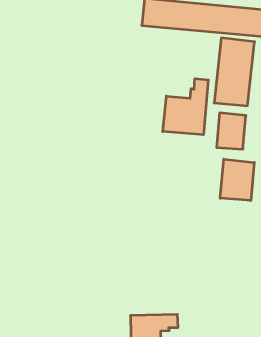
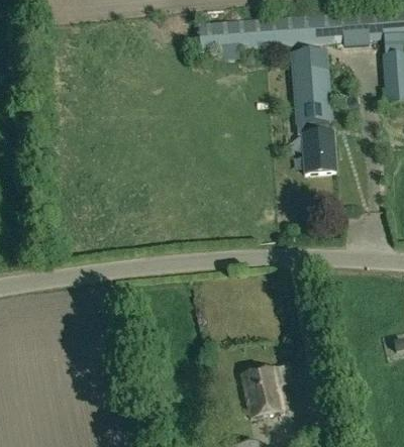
building: [163,79,208,135] -> none
building: [220,159,254,201] -> none

